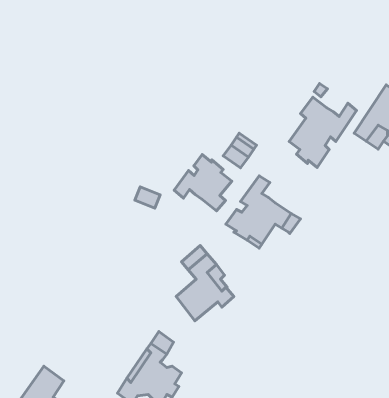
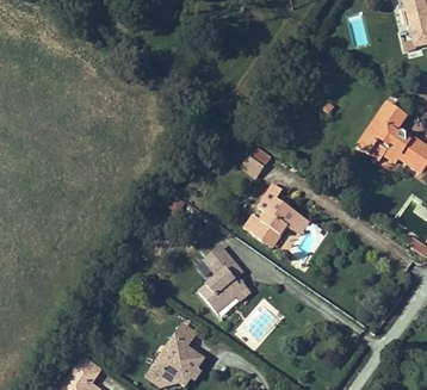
building: [289,97,357,167] -> none
building: [174,154,232,211] -> none

